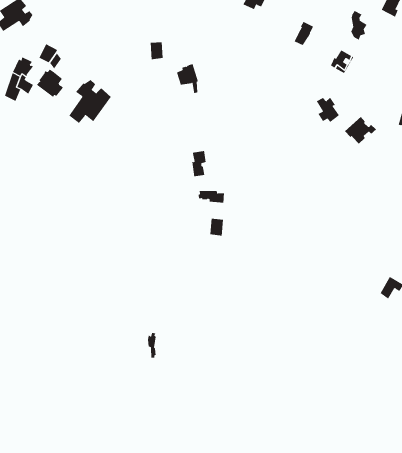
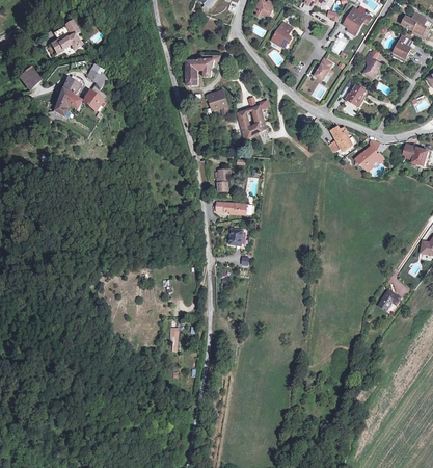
building: none -> [186,55,215,77]
building: [68,79,111,124] -> none
building: none -> [238,107,270,144]

